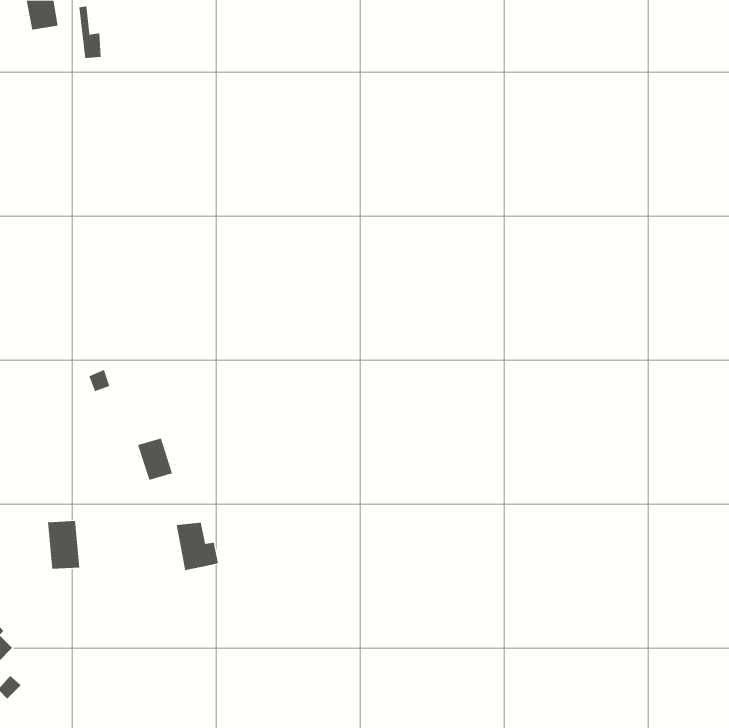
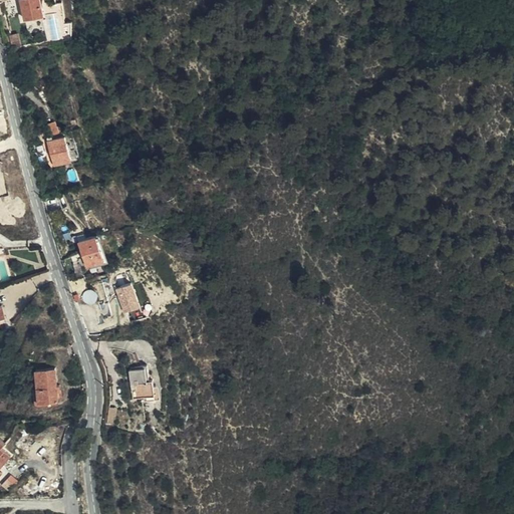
building: none -> [46,137,70,164]
building: none -> [79,240,102,268]
building: [137,438,173,481] -> [115,283,141,313]

